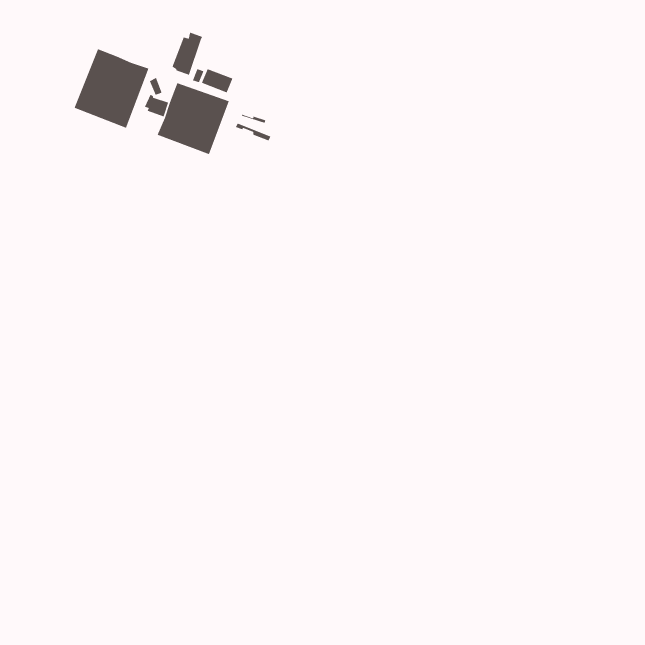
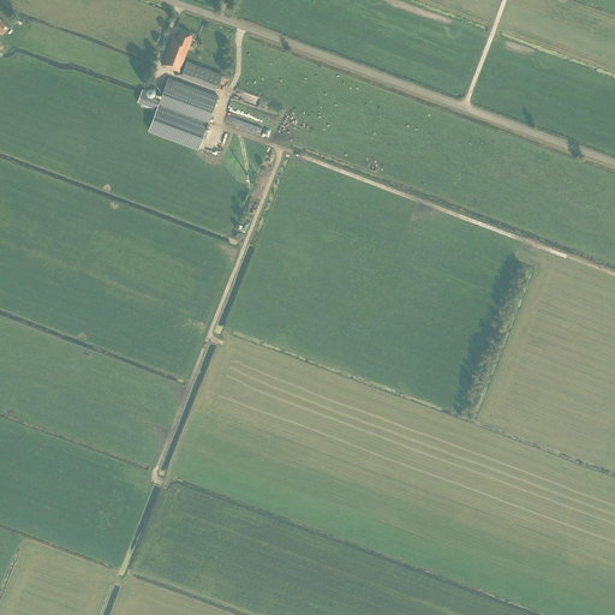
building: [73,48,150,129] -> none

